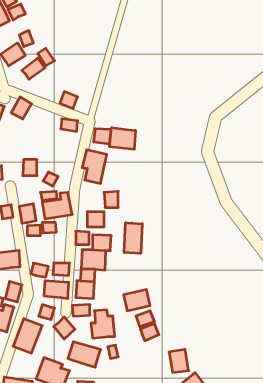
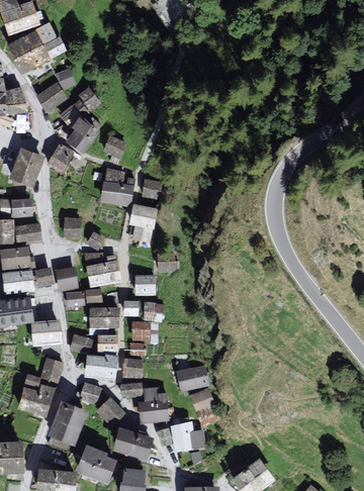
building: none -> [69,117,97,150]
building: [110,128,135,149] -> none
building: none -> [100,184,131,207]
building: [124,223,142,253] -> none
building: none -> [89,307,117,326]
building: [169,349,189,372] -> [172,423,194,450]

